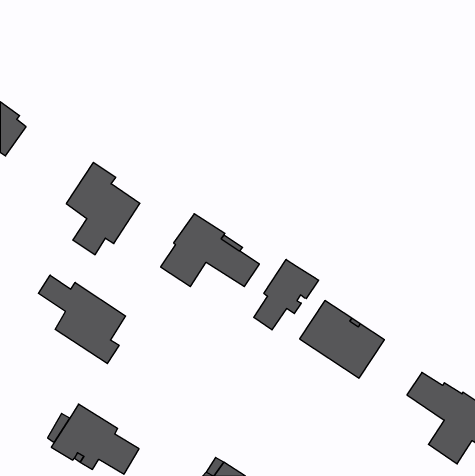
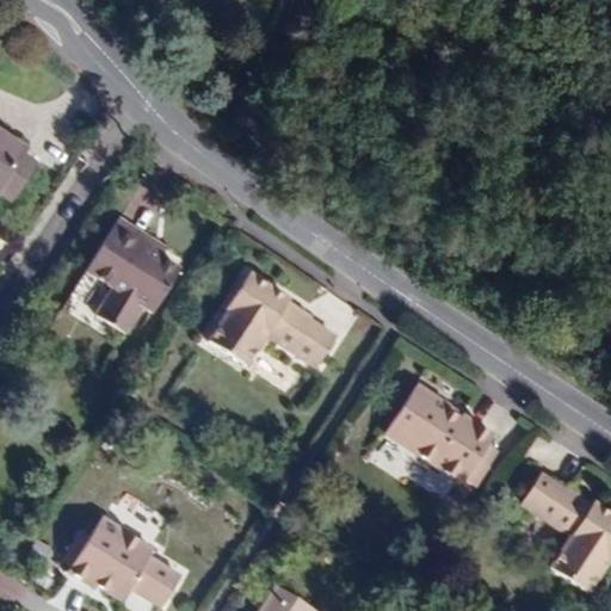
building: [254,259,319,330] -> none
building: [38,275,126,364] -> none

